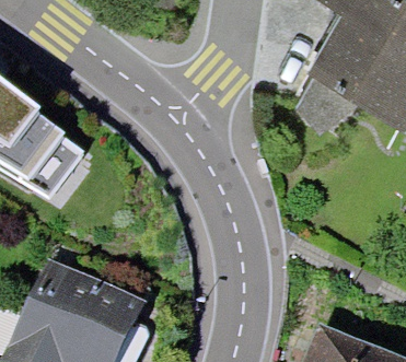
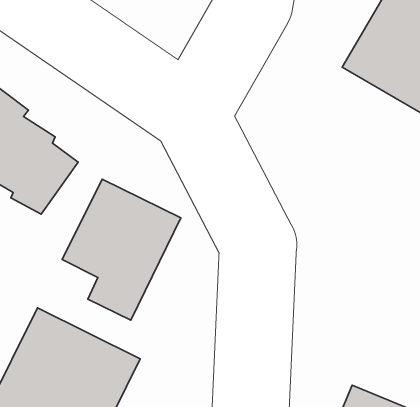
building: none -> [62,179,181,320]

